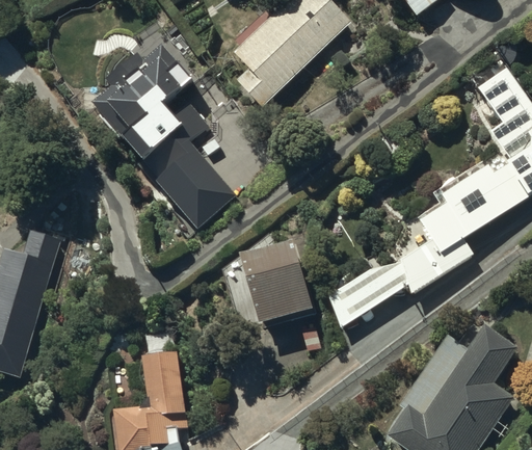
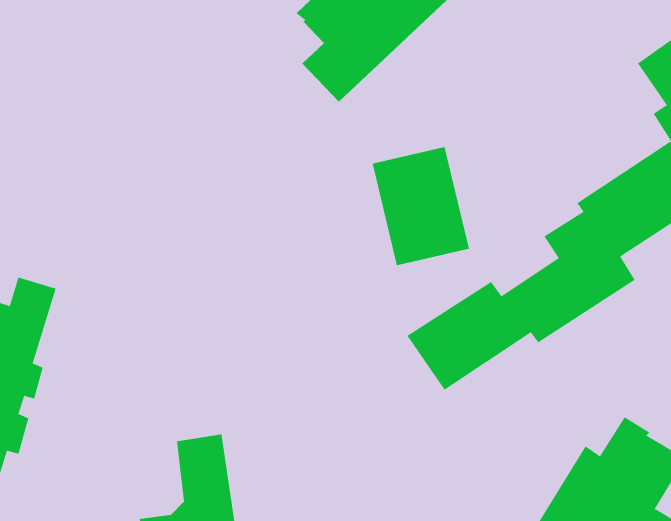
building: [94,48,234,232] -> none
building: [242,237,313,323] -> [372,146,470,266]

